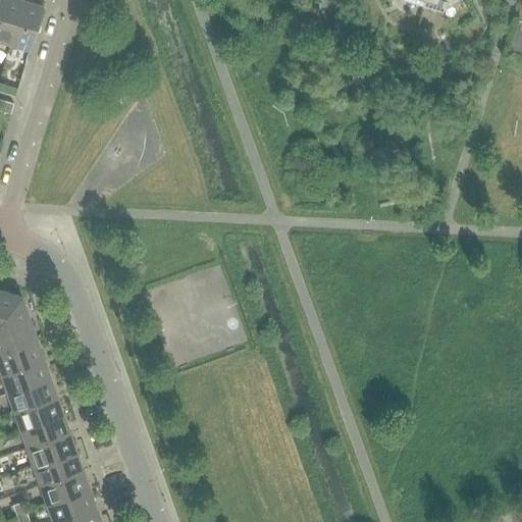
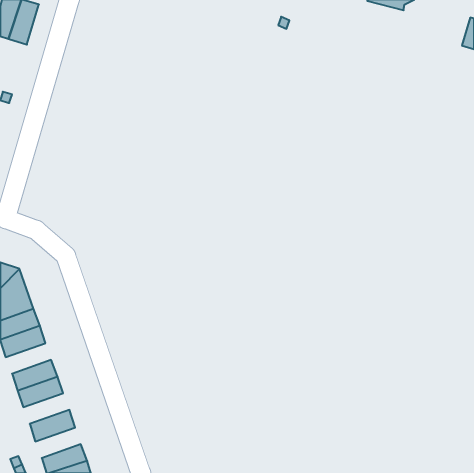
building: [6,377,56,411] -> none
building: [25,432,76,466] -> none
building: [39,470,89,504] -> none

